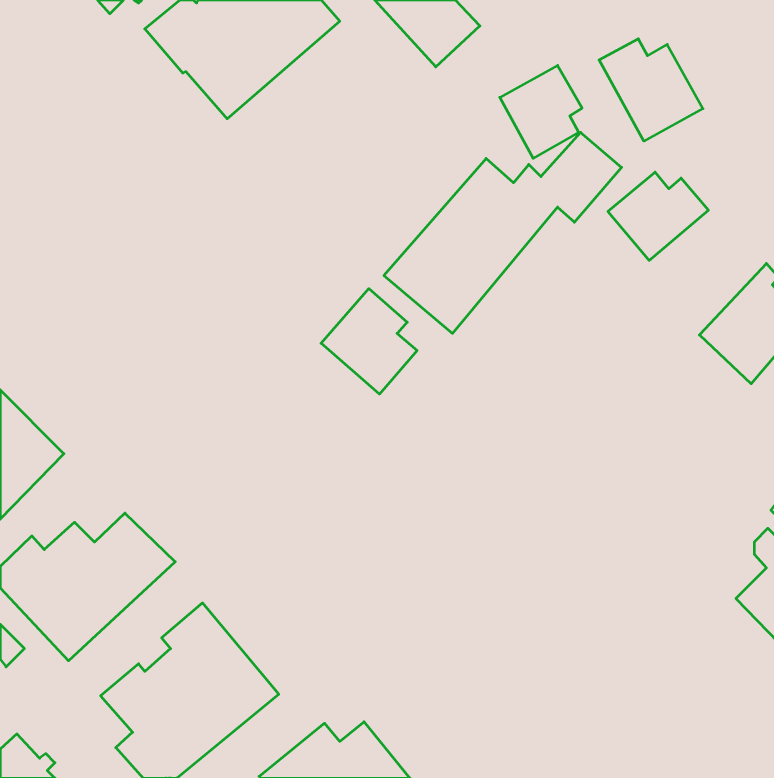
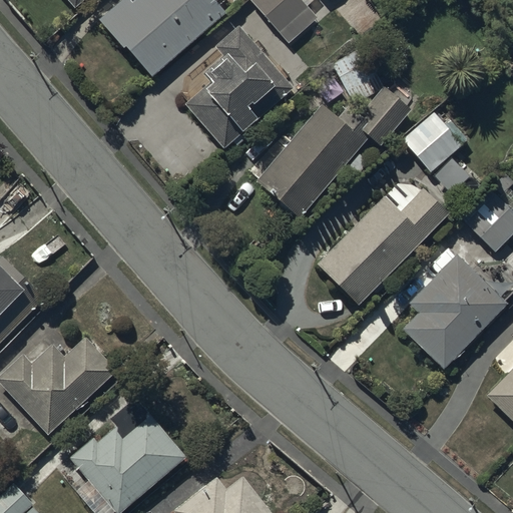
building: [599,39,703,141] -> none
building: none -> [184,26,294,144]
building: none -> [317,183,447,305]
building: [321,289,417,394] -> none
building: none -> [402,254,507,370]

